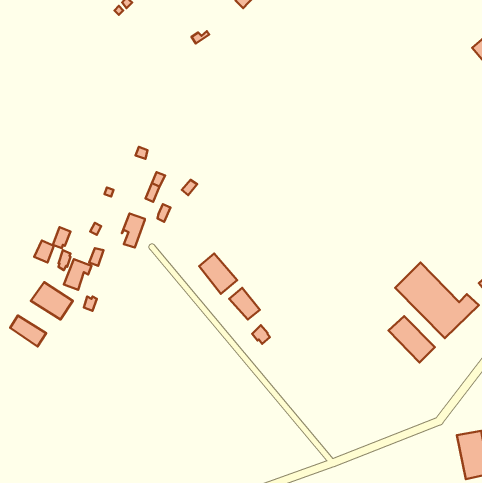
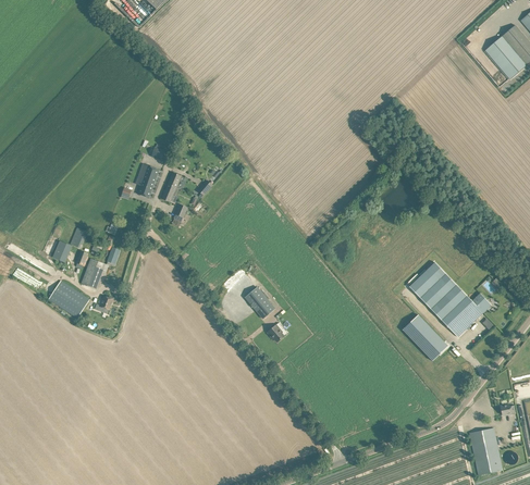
building: [122,213,145,247] -> [135,163,158,197]
building: [199,254,237,294] -> none
building: [10,315,46,346] -> none

